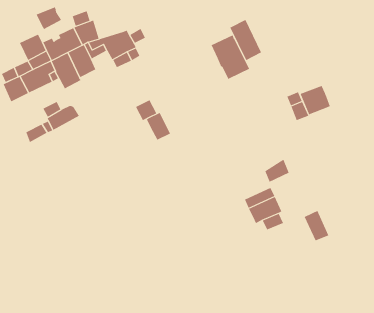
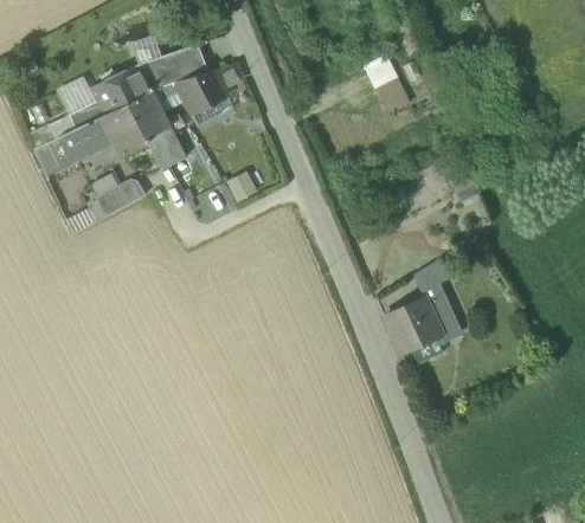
building: [36,7,62,30] -> none
building: none -> [167,44,210,83]
building: [211,34,250,80] -> none
building: none -> [147,128,187,169]
building: [300,85,331,115] -> none
building: [146,112,171,141] -> none
building: [304,210,329,241] -> [425,290,462,335]

